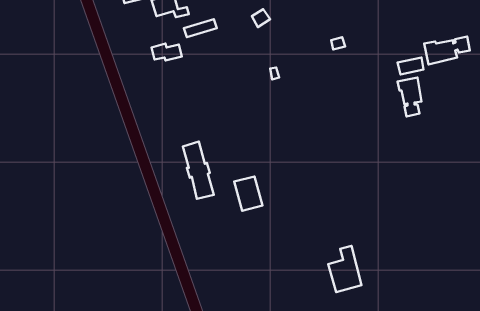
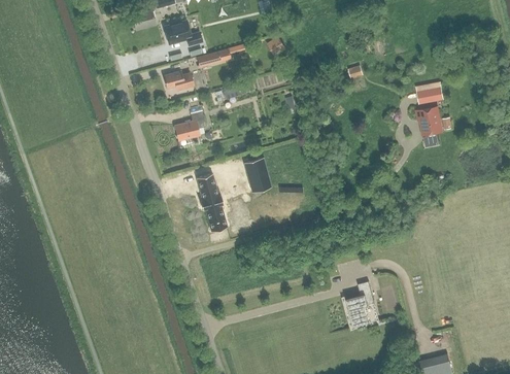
building: [424,37,470,64] -> none
building: none -> [174,111,206,141]
building: [234,177,262,211] -> [243,157,272,192]

